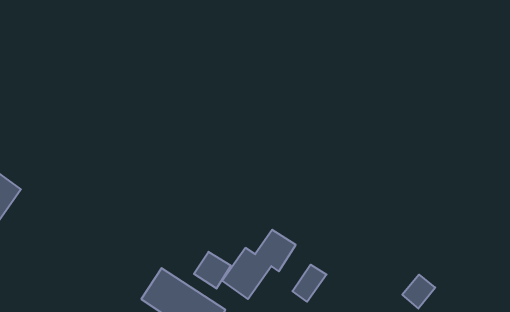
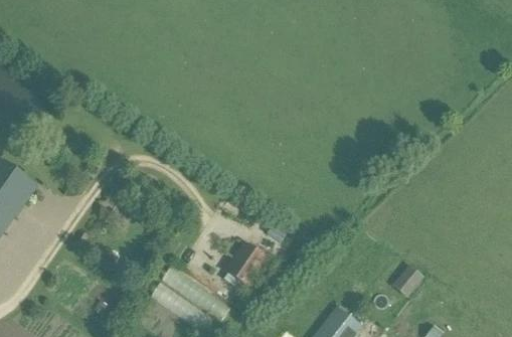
building: [194,252,231,289] -> none
building: [292,265,327,302] -> none

